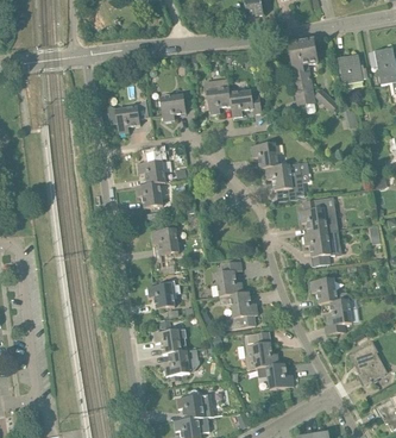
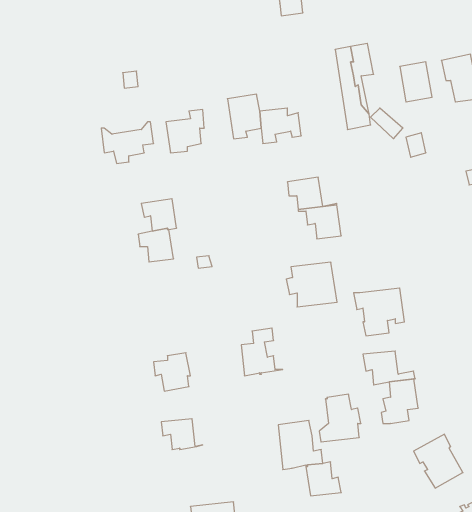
building: [300,198,339,232] -> [286,262,337,307]
building: [152,229,181,254] -> none
building: [226,292,258,328] -> [319,394,361,442]
building: [164,349,199,375] -> none

